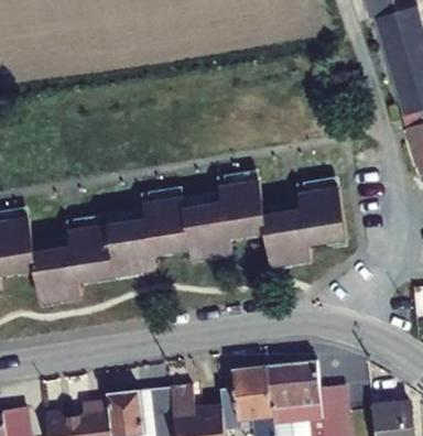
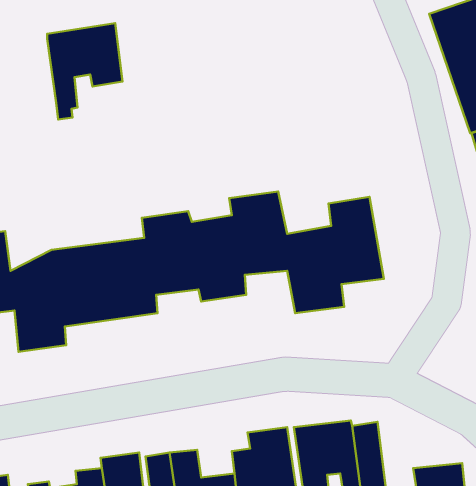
building: none -> [47,23,122,120]

